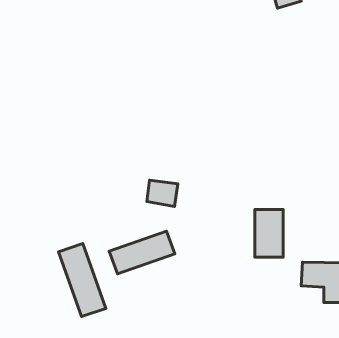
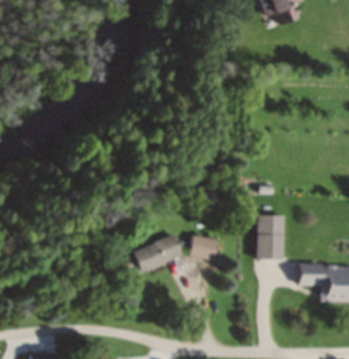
building: [147,180,178,206] -> [191,236,219,260]
building: [59,244,106,317] -> none

